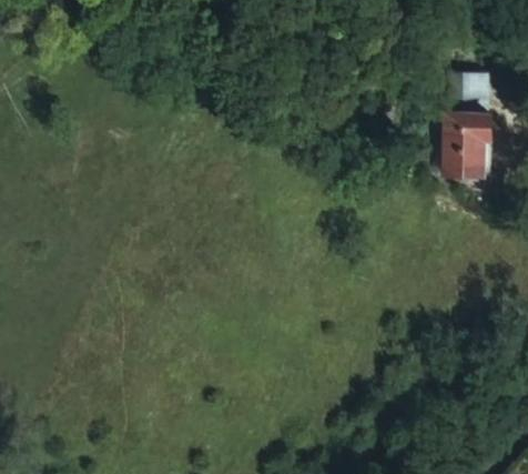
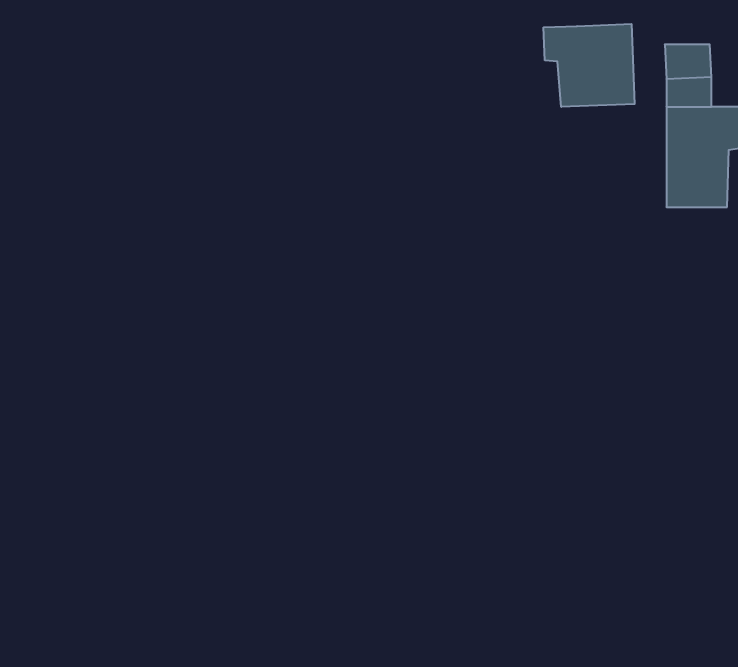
building: none -> [544,24,635,107]

